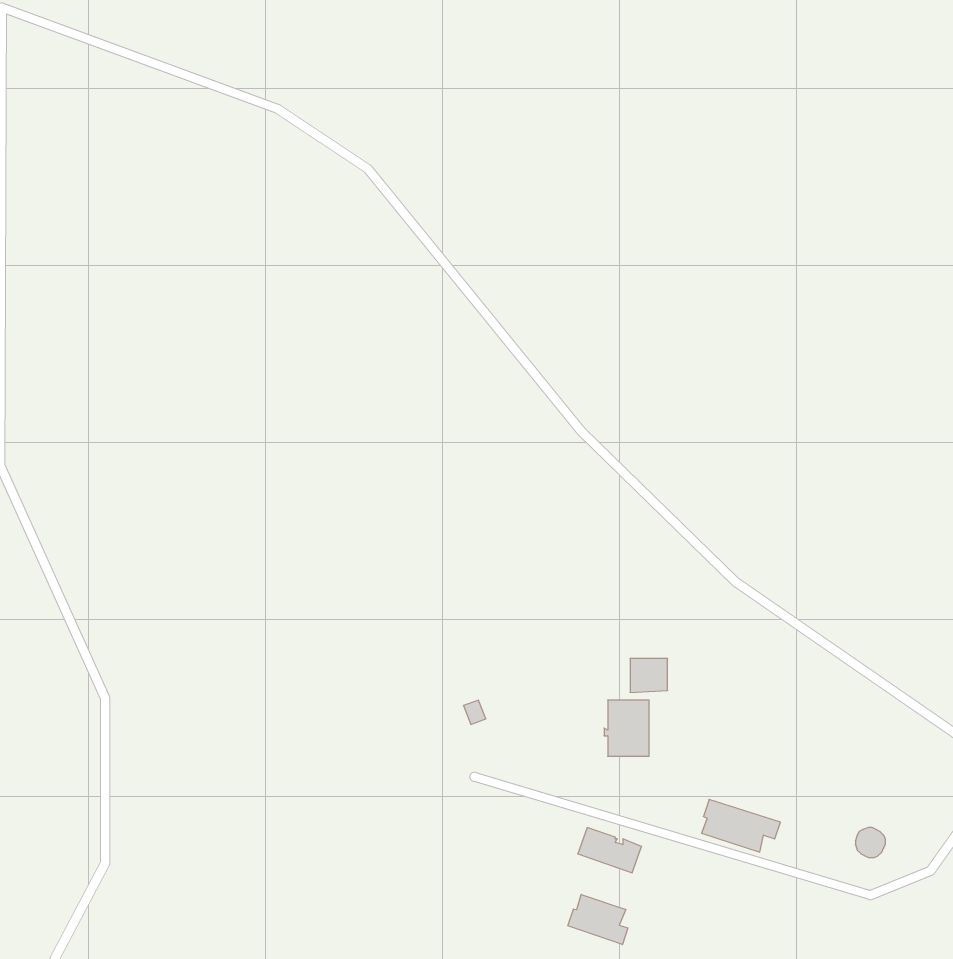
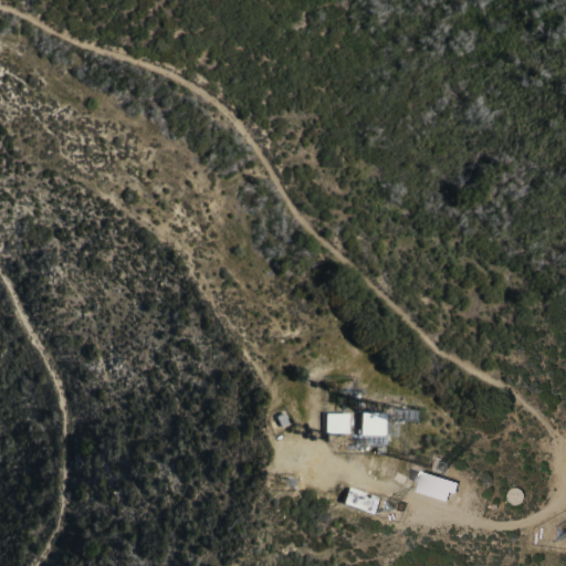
building: [630,659,668,692] -> [327,413,349,433]
building: [568,894,628,945] -> none

